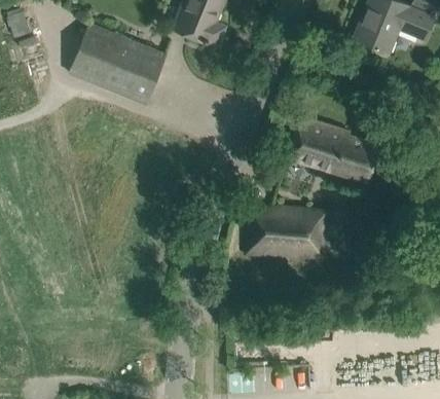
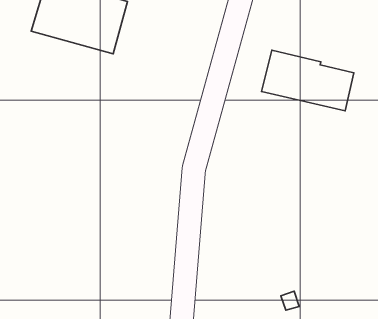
building: [246,208,327,261] -> none

